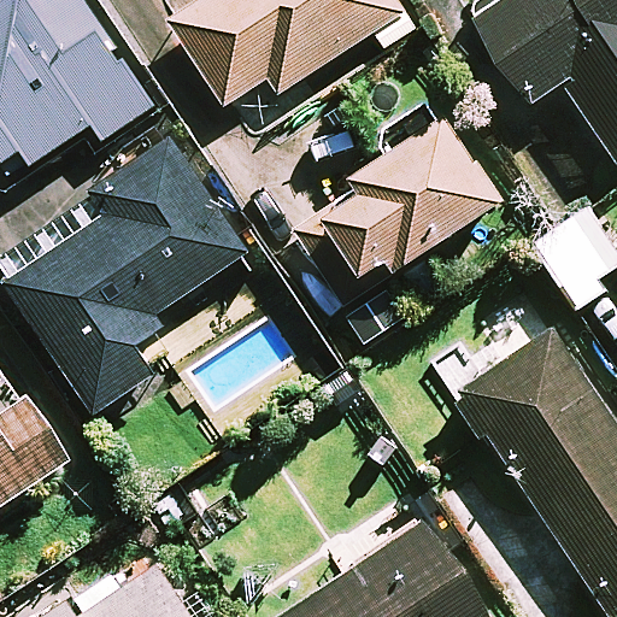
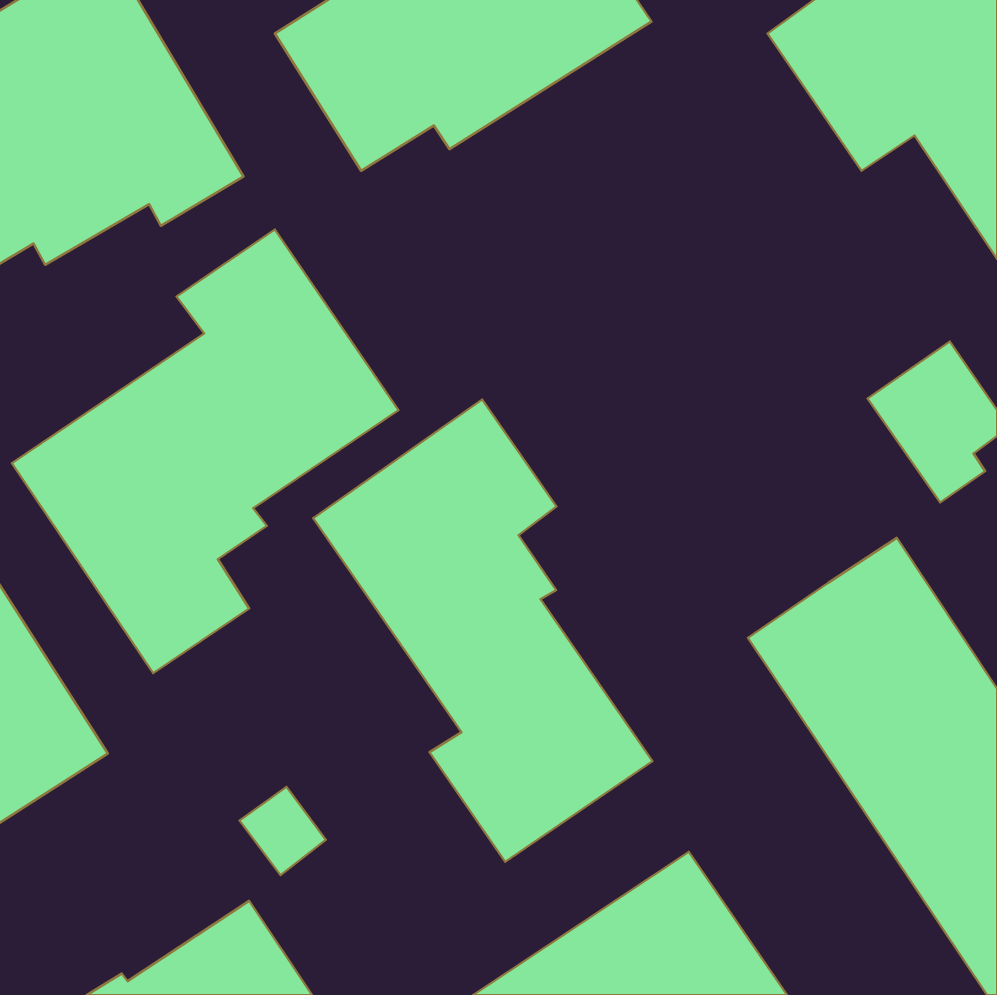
building: [296,99,500,307] -> none
building: none -> [313,400,652,862]

